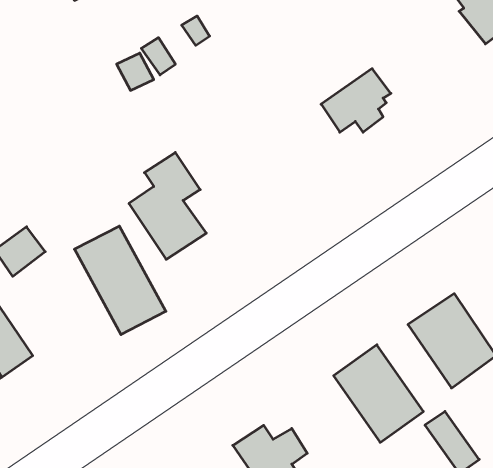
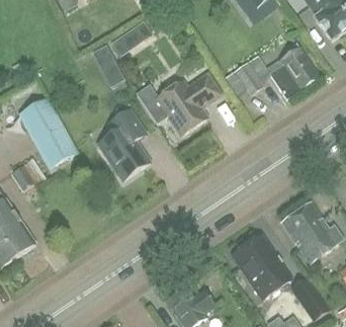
building: none -> [269,42,320,98]
building: none -> [137,74,222,135]
building: [74,226,166,335] -> [19,97,79,168]

